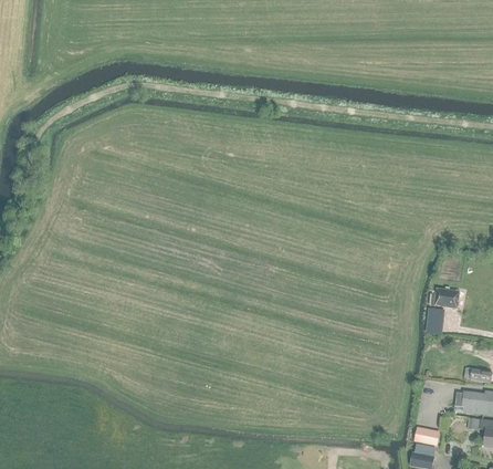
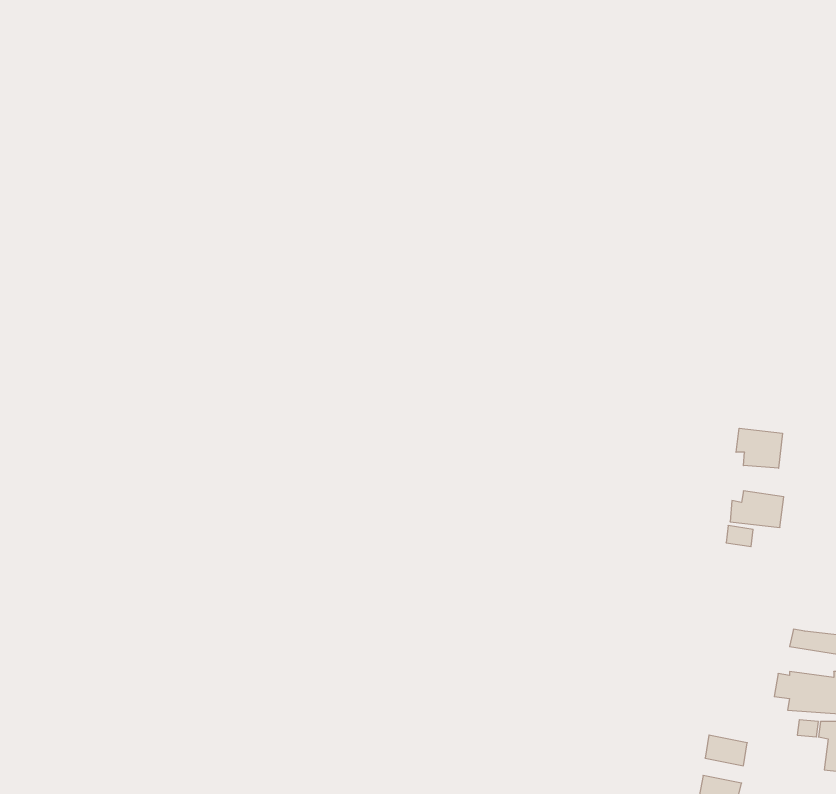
building: none -> [736,428,782,468]

